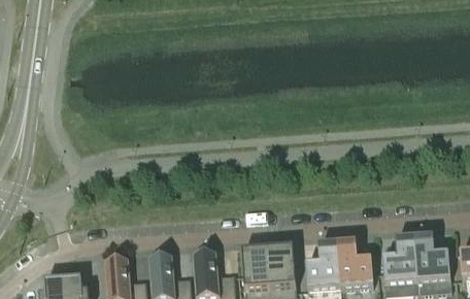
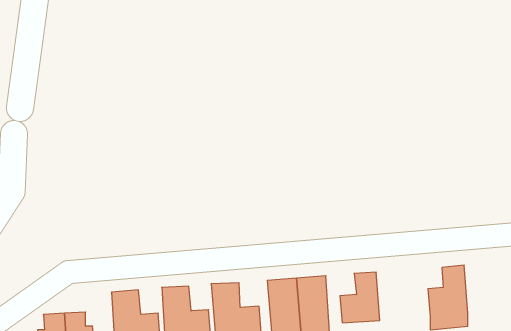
building: [414,238,450,293] -> none
building: [337,244,373,288] -> none

